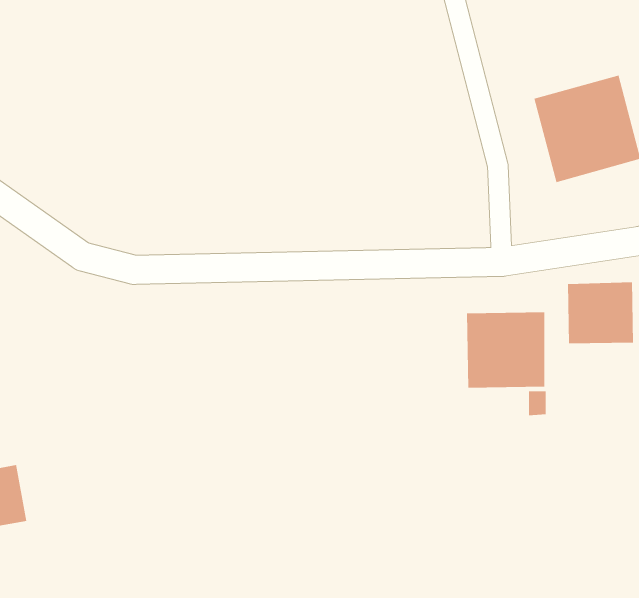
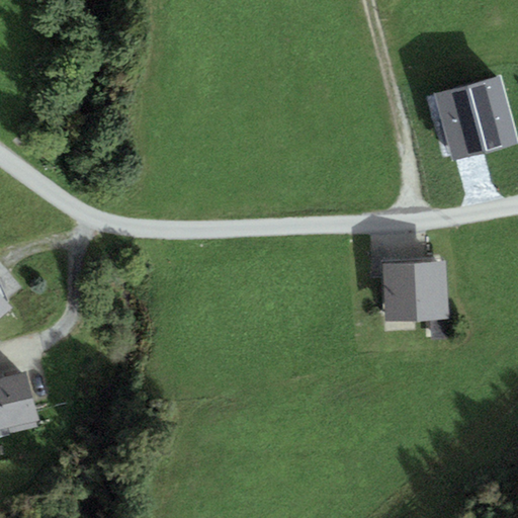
building: [567,281,634,344] -> none

